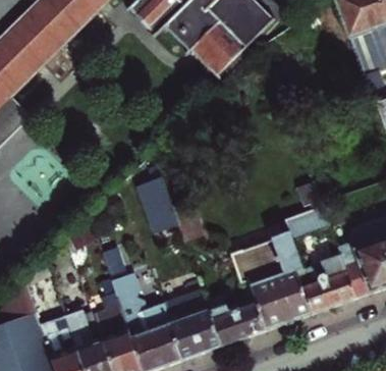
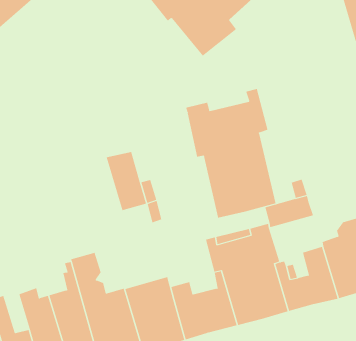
building: none -> [185,88,276,218]

